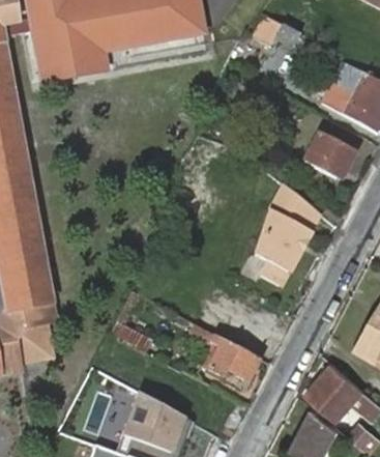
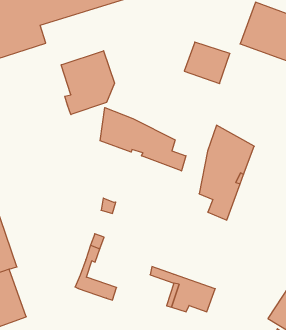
building: none -> [61,51,115,115]
building: [304,132,355,179] -> [184,42,230,84]
building: none -> [100,108,186,171]

